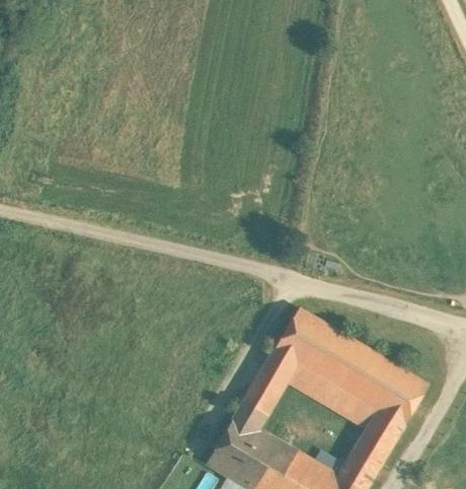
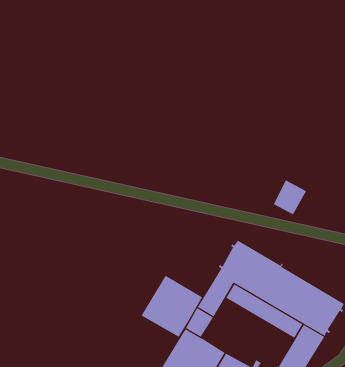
building: none -> [273,180,307,215]
building: none -> [141,275,203,338]

